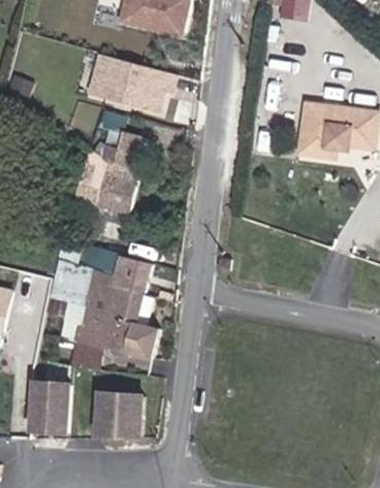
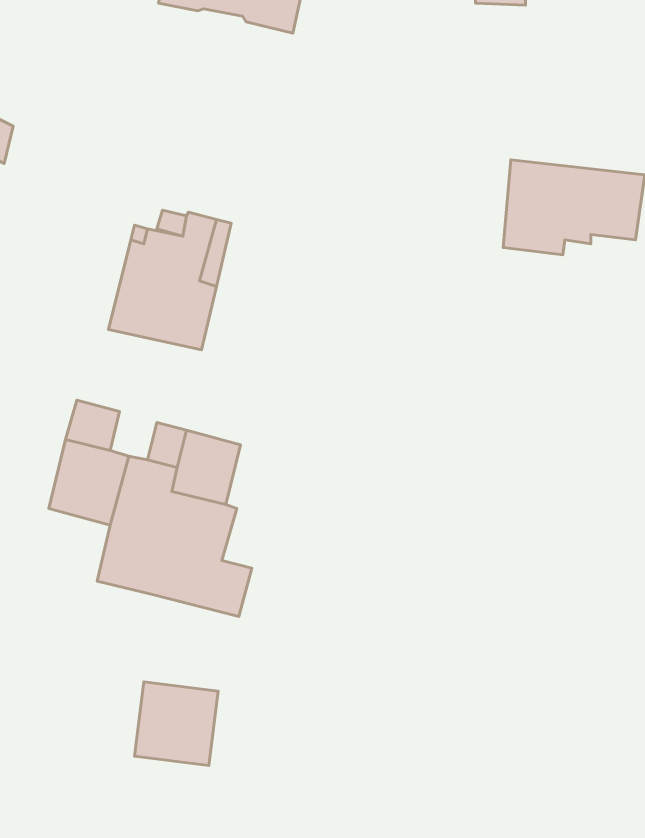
building: [86,53,175,115] -> none
building: [67,337,103,370] -> none
building: [29,382,69,430] -> none

